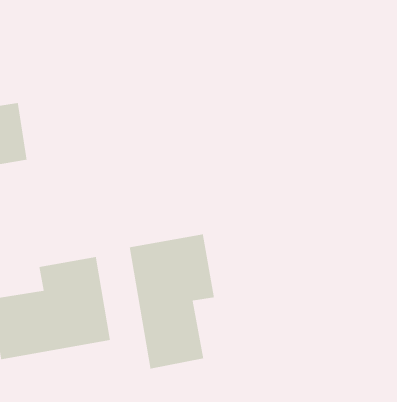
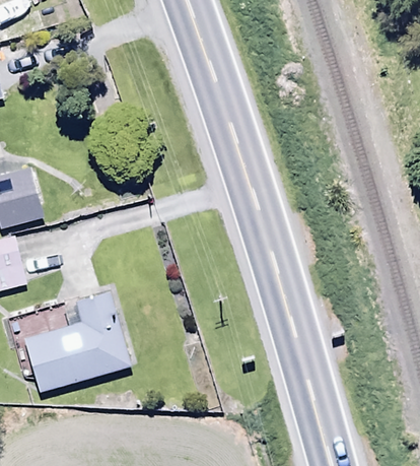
building: [129,233,215,369] -> none

